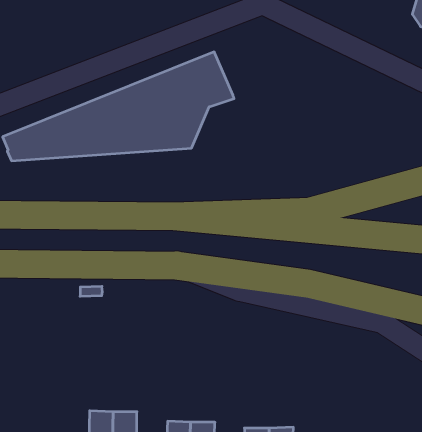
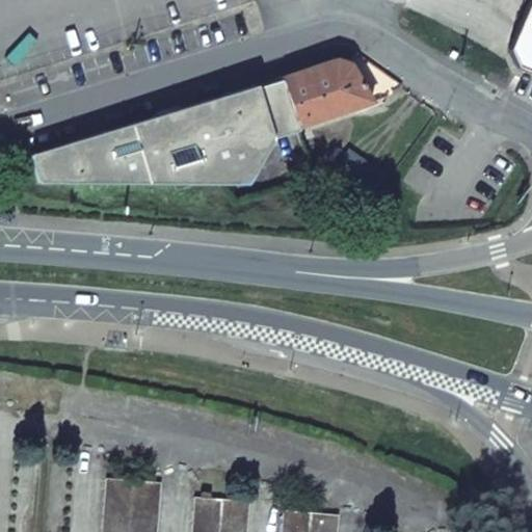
building: none -> [283,59,367,129]

